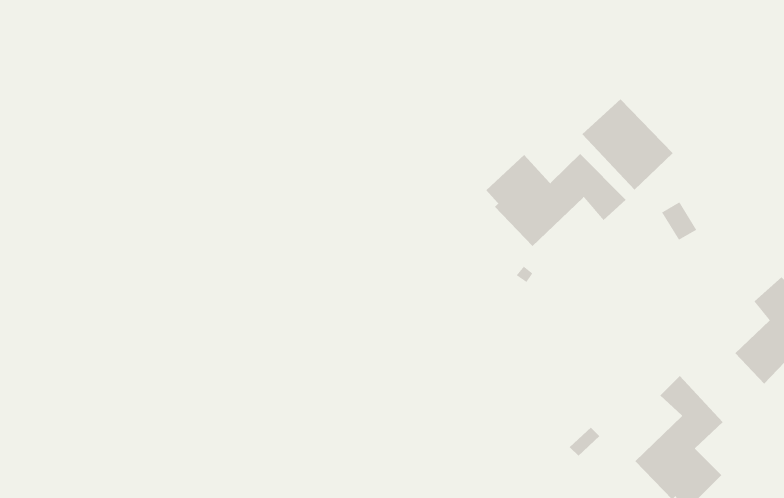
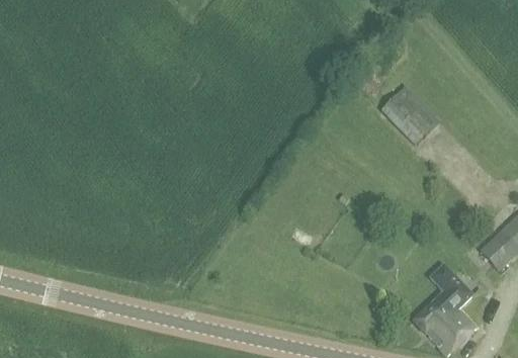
building: [485,153,626,247] -> none

